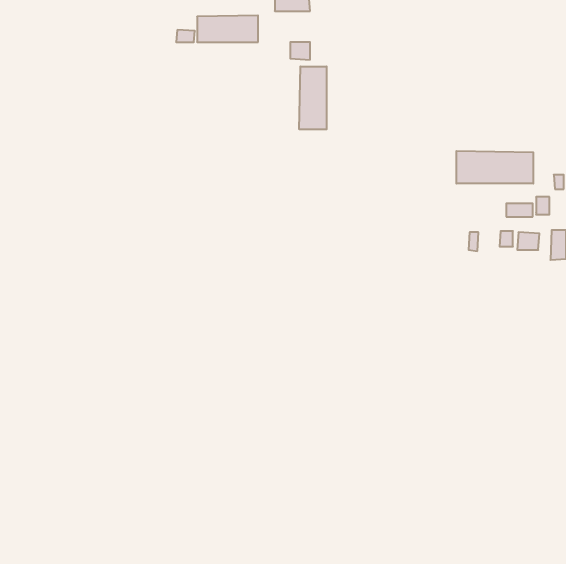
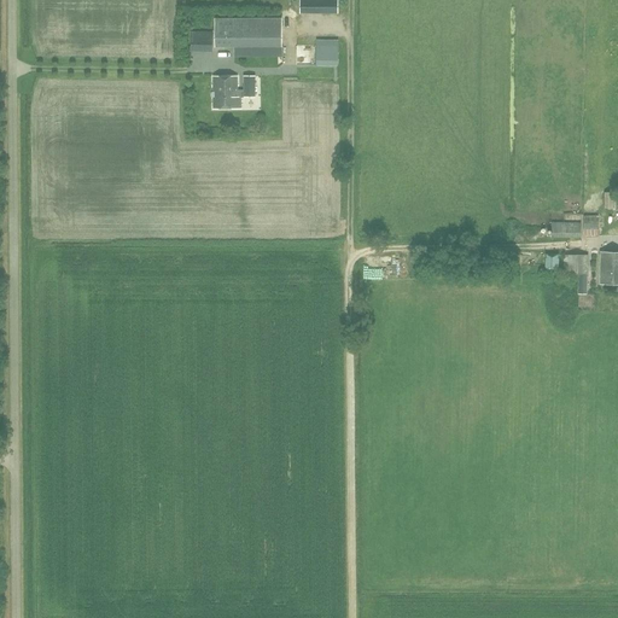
building: [299,66,327,129] -> none
building: none -> [214,75,255,107]
building: [456,151,533,184] -> none

